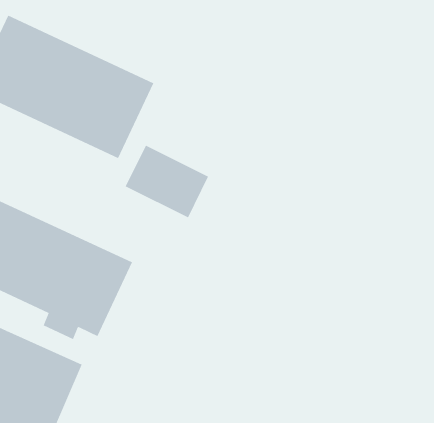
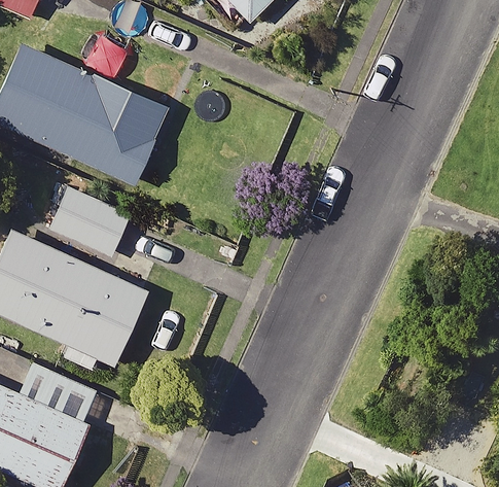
building: [125,145,209,218] -> [45,184,130,258]

